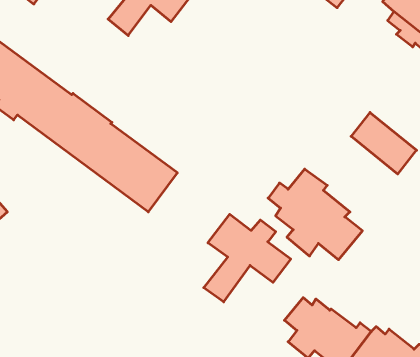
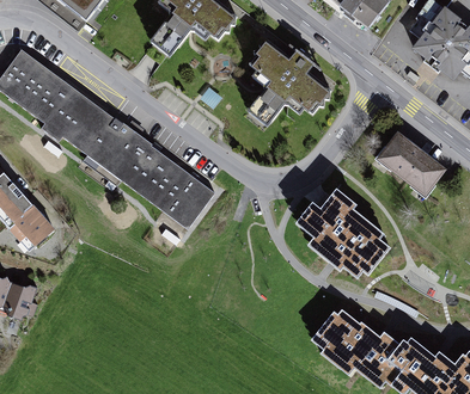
building: none -> [245,45,329,121]
building: [204,214,291,302] -> none

